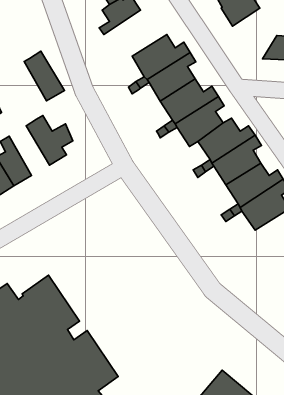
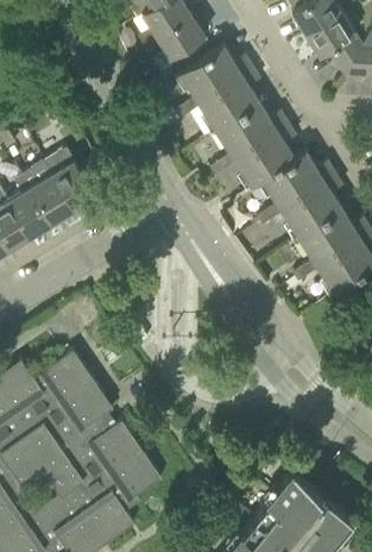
building: none -> [305,12,361,76]
building: none -> [143,14,203,59]
building: [24,51,64,101] -> [23,161,74,224]

